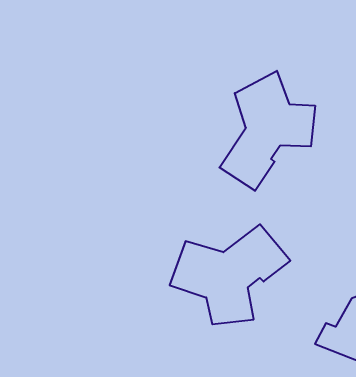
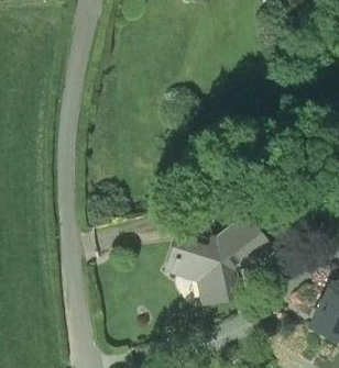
building: [219,71,315,191] -> none

